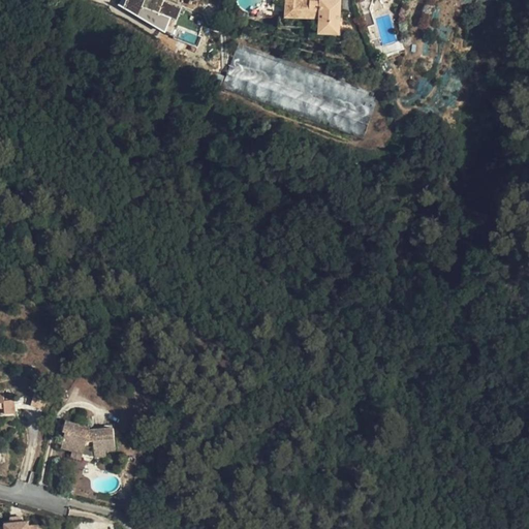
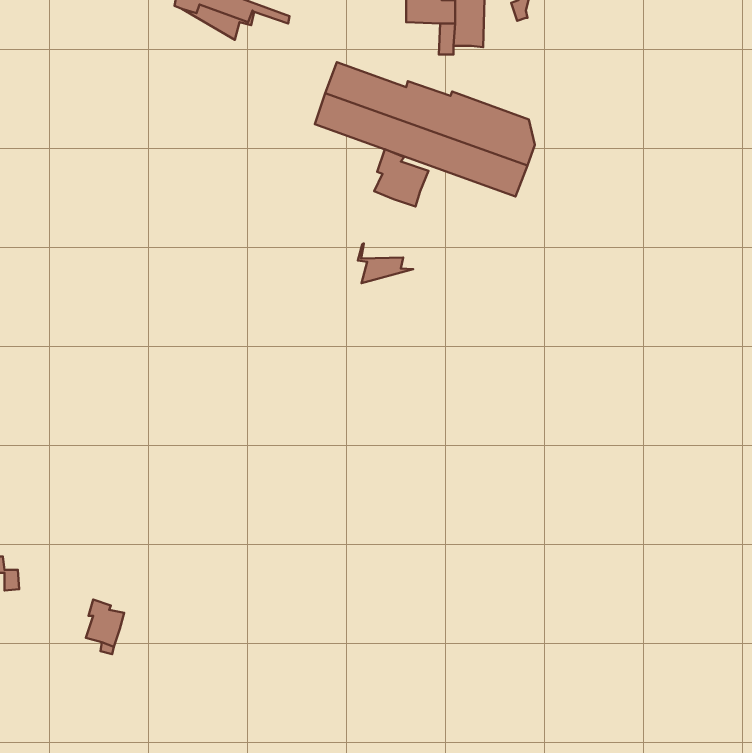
building: none -> [374,149,428,207]
building: none -> [358,243,413,283]
building: [84,427,114,457] -> none

